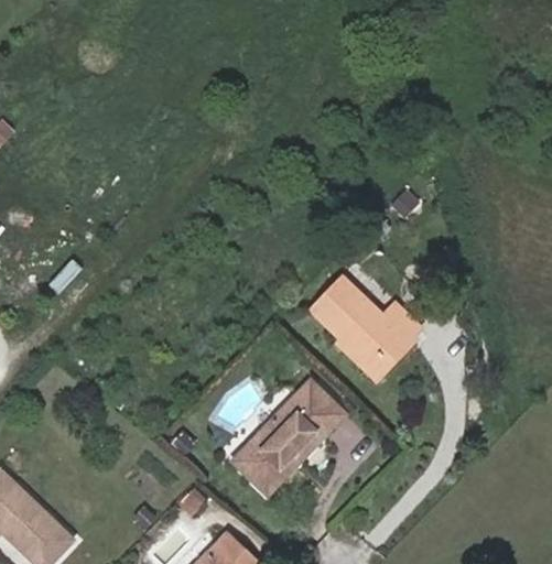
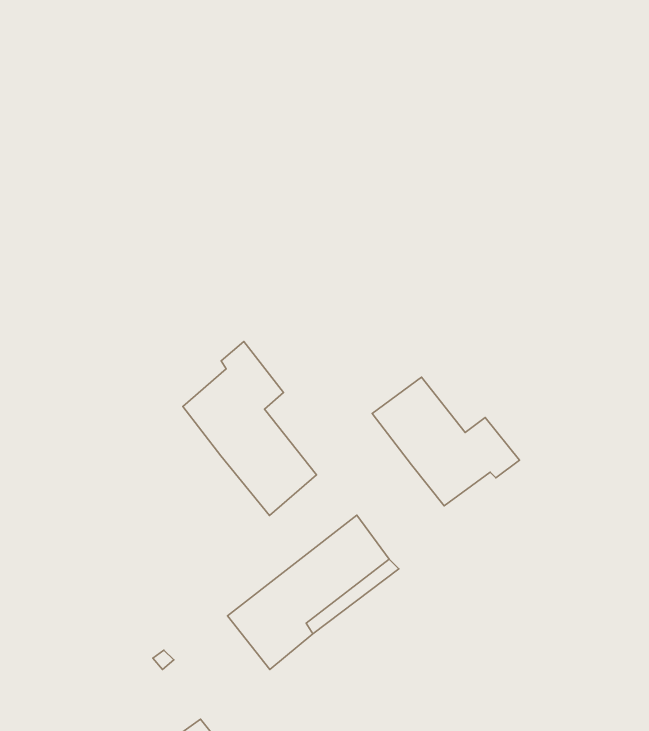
building: none -> [183,341,317,516]
building: [338,336,407,380] -> none

